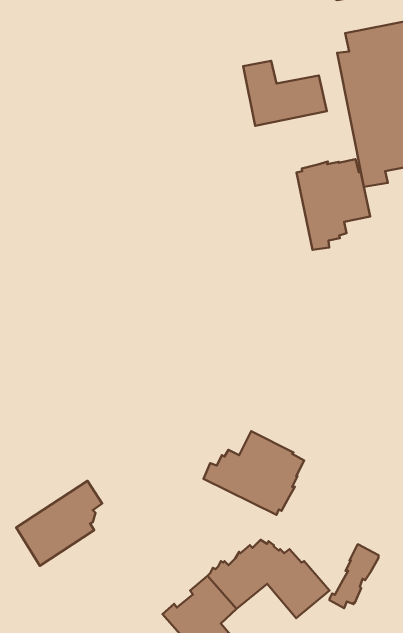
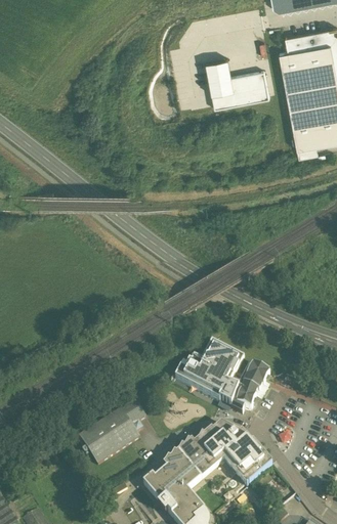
building: [297,159,370,250] -> none
building: [16,481,102,566] -> [77,399,143,465]
building: [330,544,379,608] -> [229,364,267,413]

